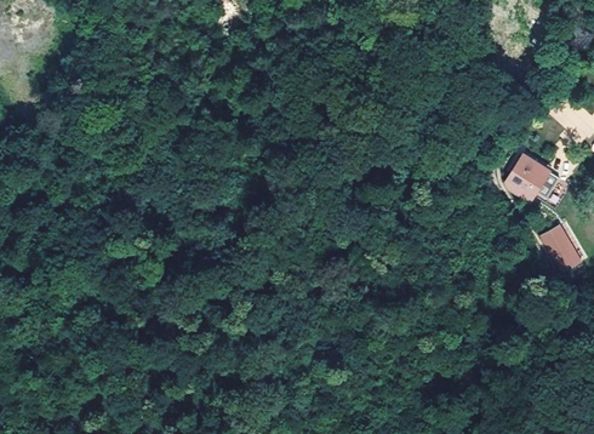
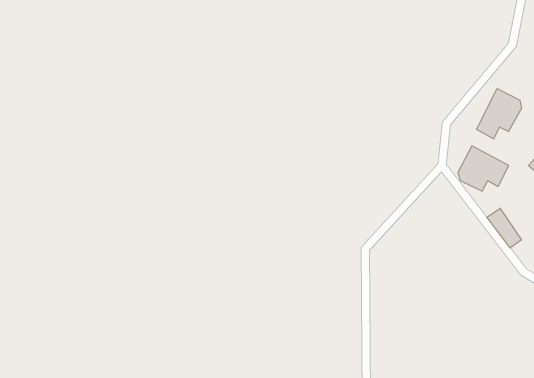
building: none -> [476,89,521,139]

